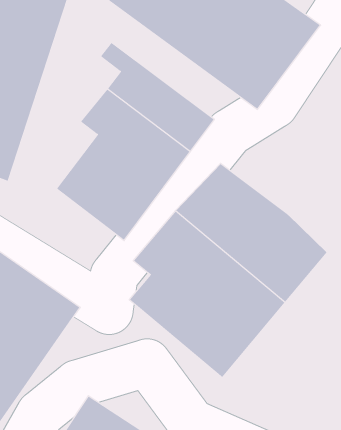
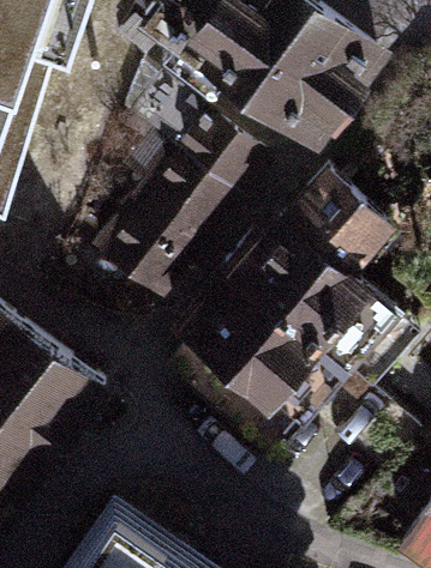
building: none -> [273,158,395,267]

